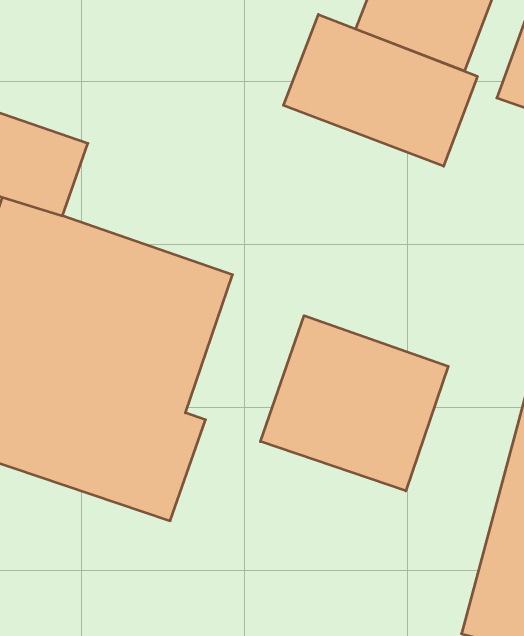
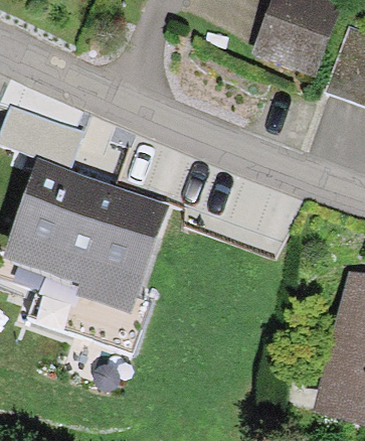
building: [283,14,477,166] -> none
building: [260,316,448,491] -> none

